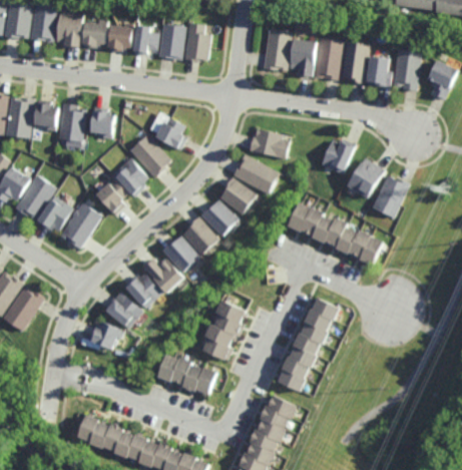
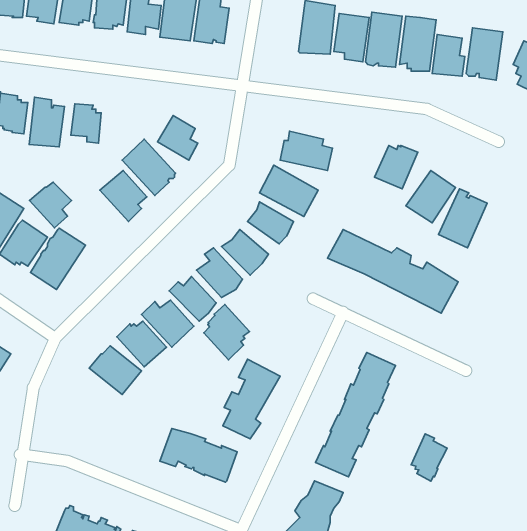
building: [94,179,126,214] -> [30,182,71,228]
building: none -> [204,305,250,360]
building: [88,322,122,351] -> none
building: none -> [411,434,447,481]

